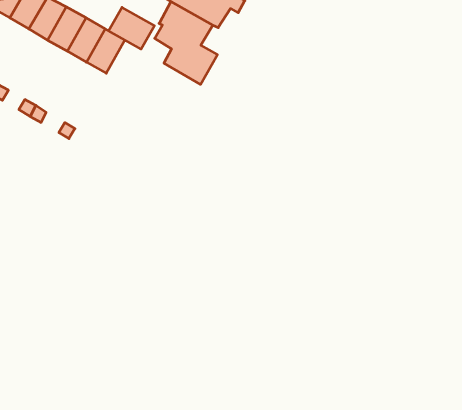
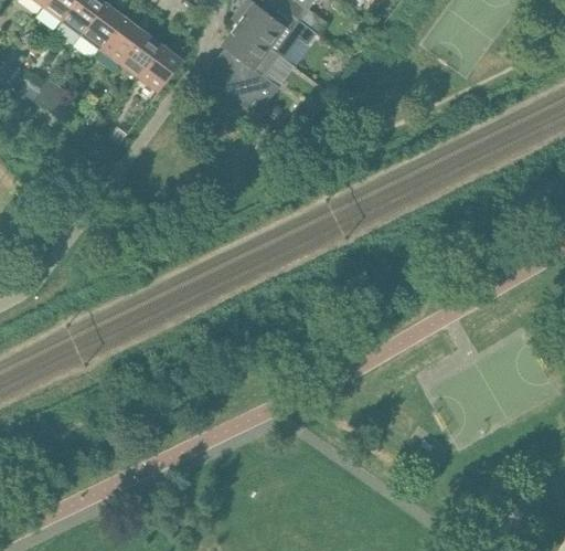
building: [109,7,154,49] -> none

